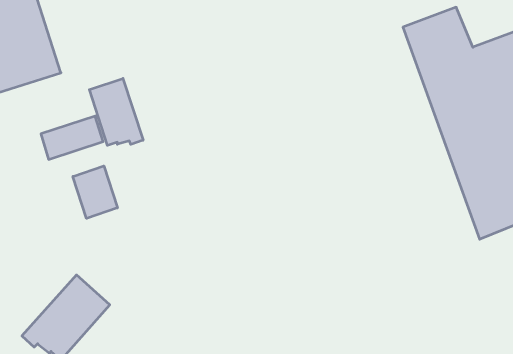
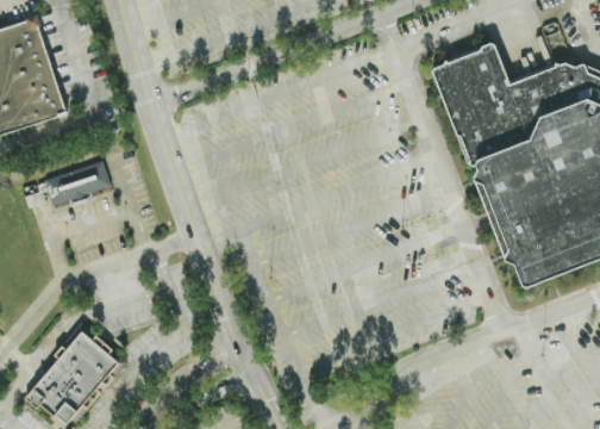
building: [89,78,143,145] -> none
building: [73,166,117,218] -> none

